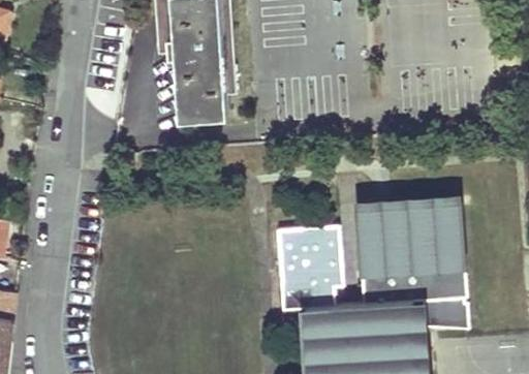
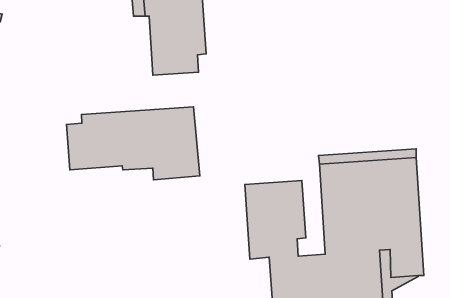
building: none -> [66,107,200,180]

